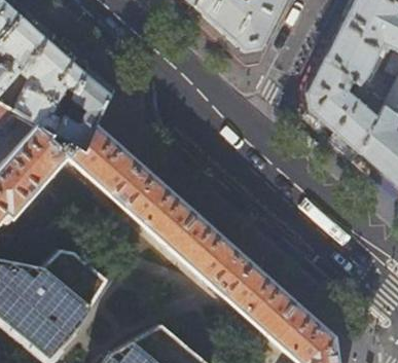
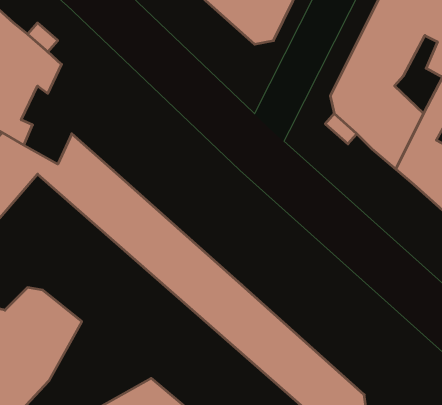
building: [57,69,112,150] -> none

